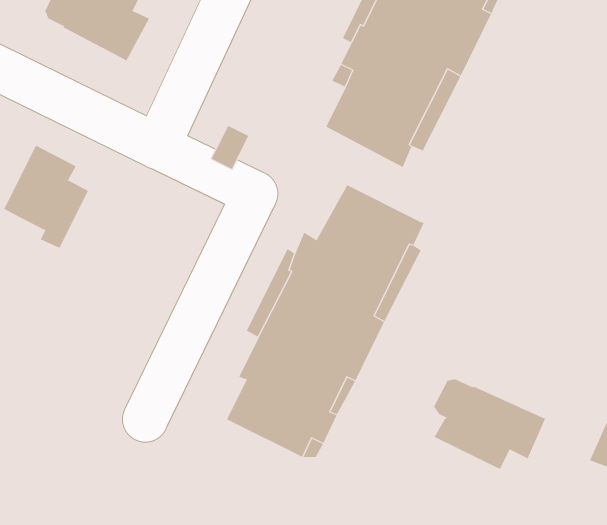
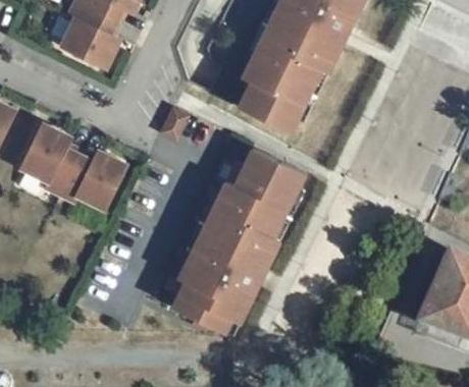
building: none -> [60,151,127,208]
building: [434,379,546,470] -> none

